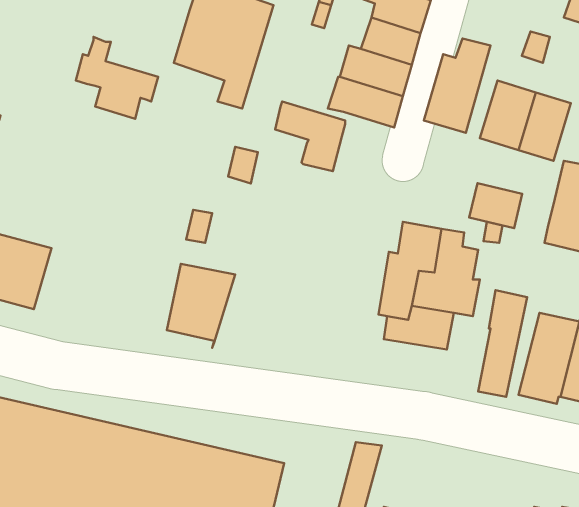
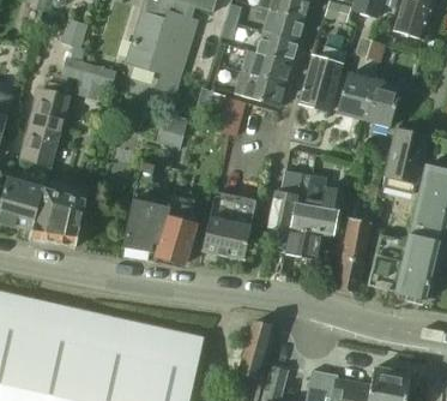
building: none -> [24,90,68,166]
building: [469,183,522,228] -> none
building: none -> [31,190,86,247]
building: none -> [204,193,255,261]
building: none -> [155,204,197,265]

